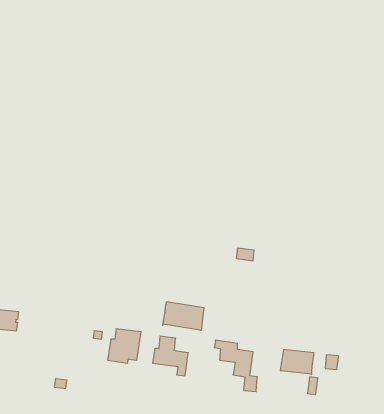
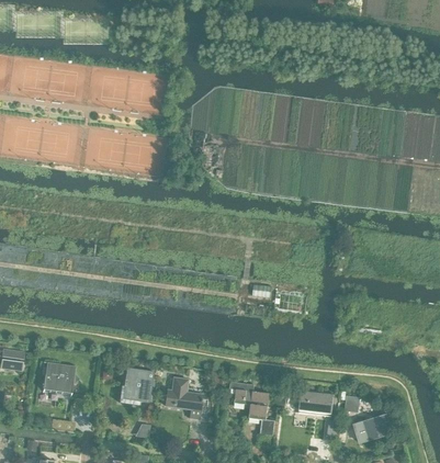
building: [163,302,204,330] -> none
building: none -> [43,362,79,392]
building: none -> [354,414,393,443]

